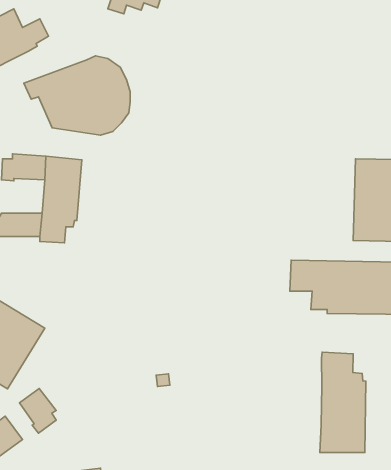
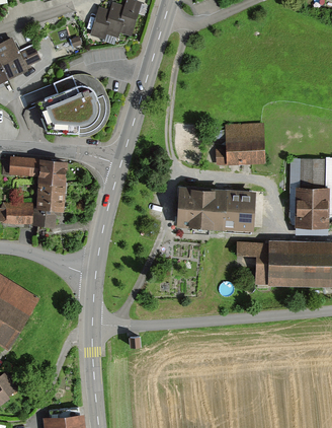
building: none -> [215,129,262,166]
building: none -> [179,186,256,229]
building: [320,352,366,453] -> none
building: [19,388,56,433] -> none

